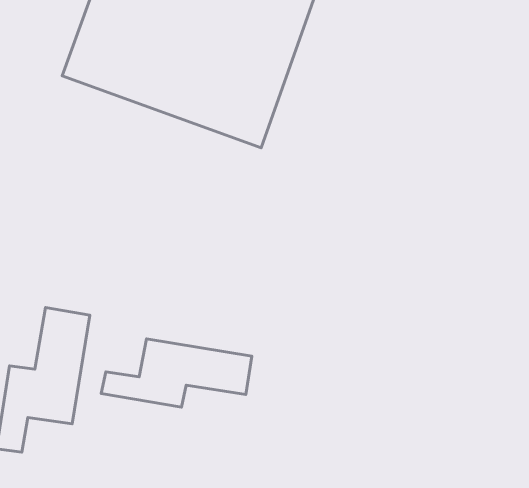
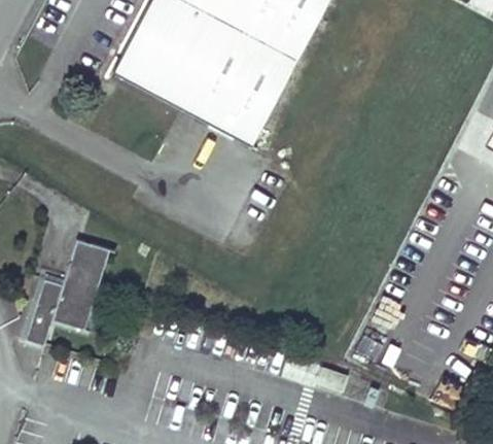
building: [101,339,252,407] -> none

